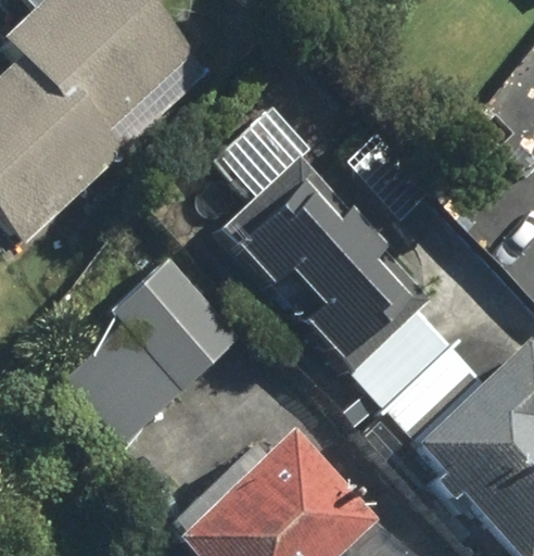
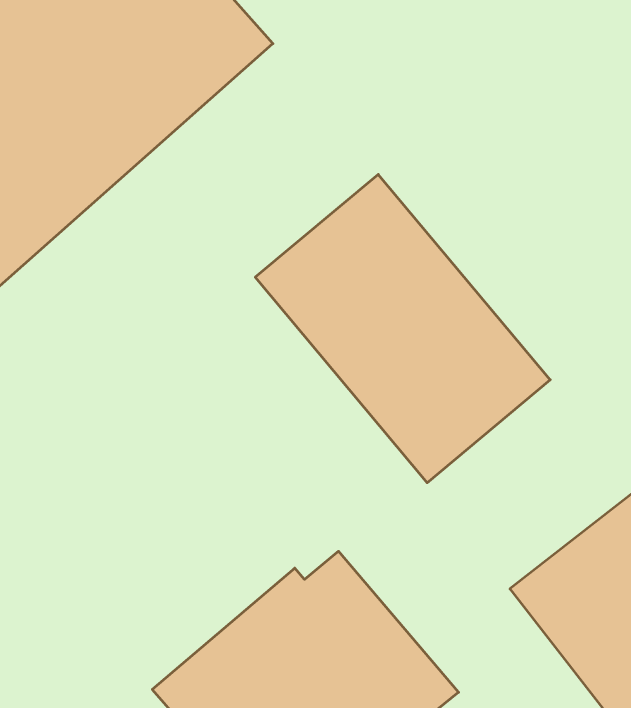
building: [55,252,242,450] -> none
building: [347,312,473,438] -> none

